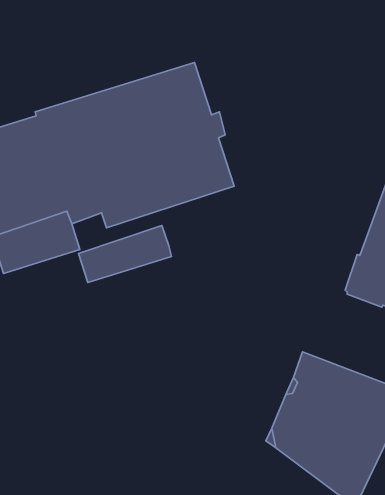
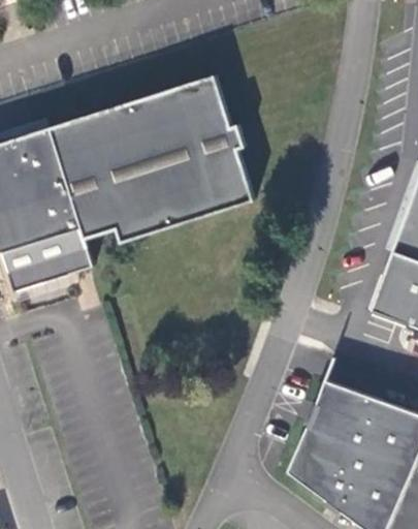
building: [78,226,171,283] -> none

